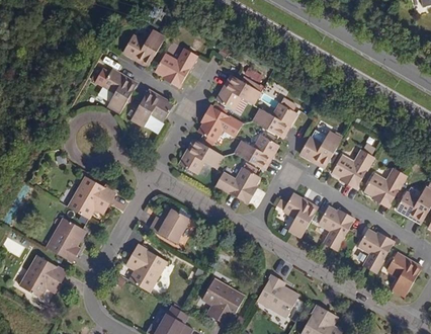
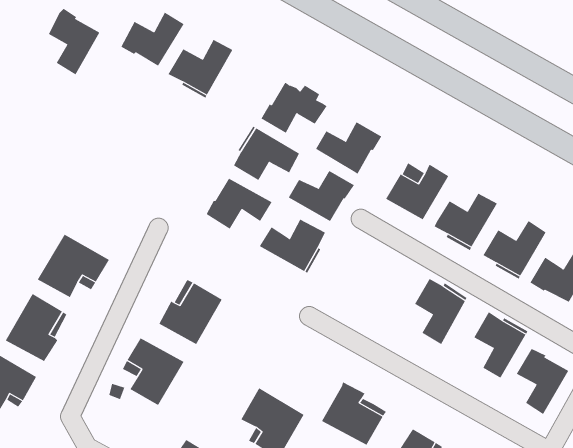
building: [101,68,136,112] -> [48,8,100,75]
building: [130,90,172,126] -> none
building: [276,192,317,237] -> none

